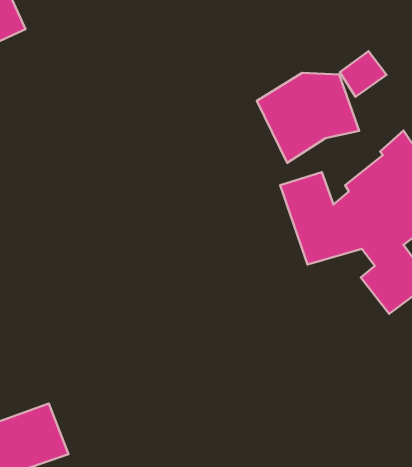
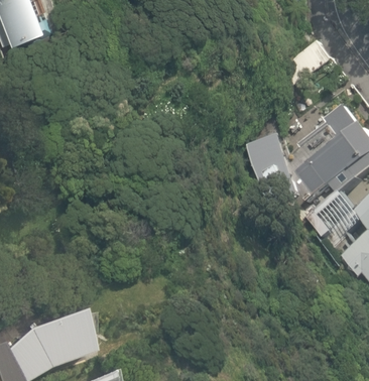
building: [257,73,359,163] -> none

